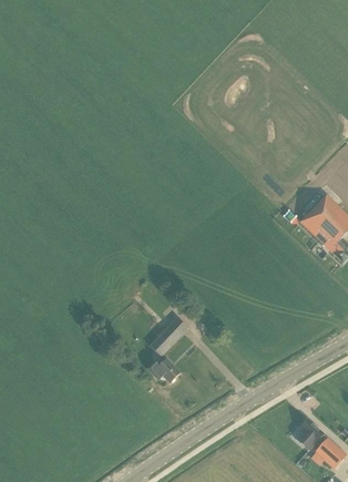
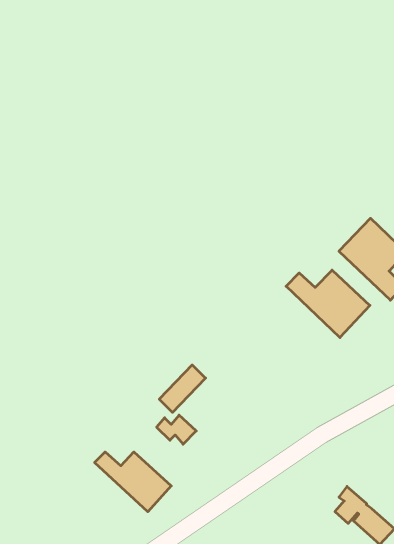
building: none -> [286,270,370,338]
building: none -> [95,452,171,512]

